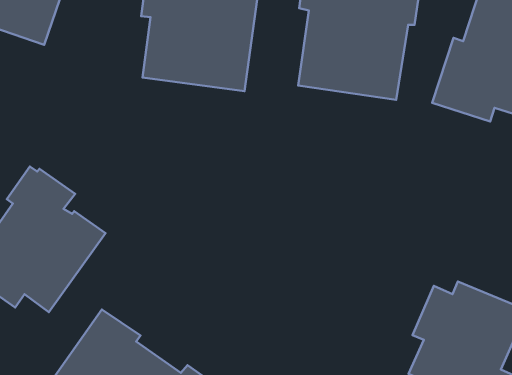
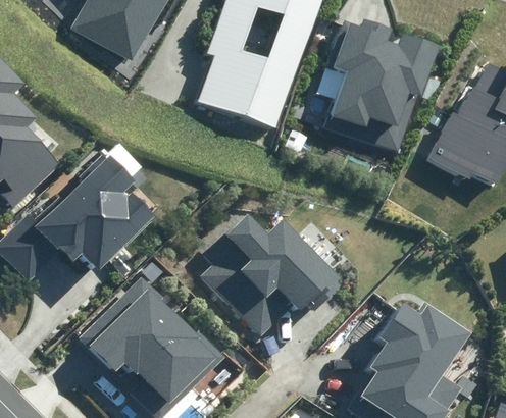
building: none -> [199,214,343,336]

